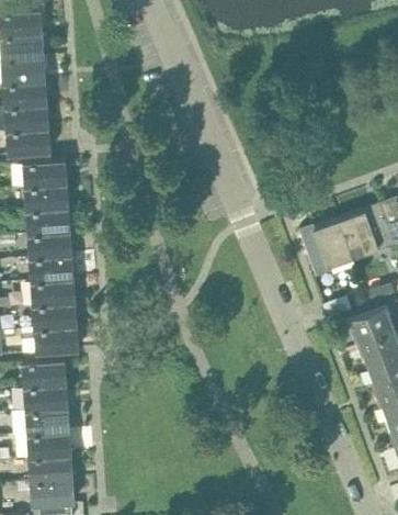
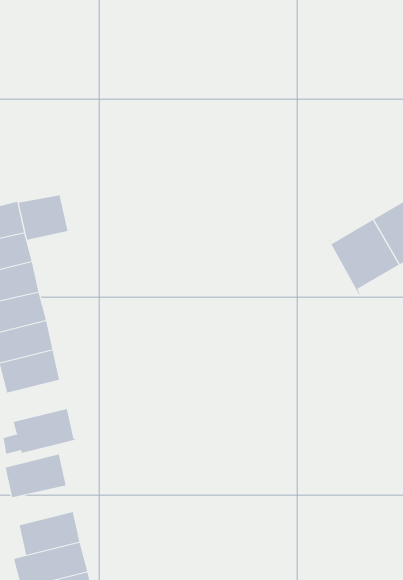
building: none -> [18,195,68,241]
building: [32,304,77,331] -> none
building: [22,387,68,411] -> none

